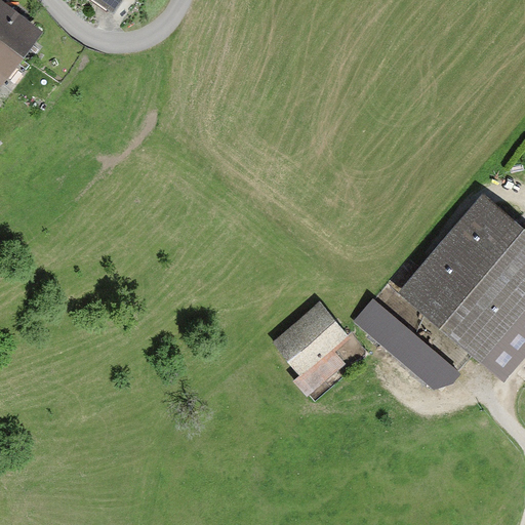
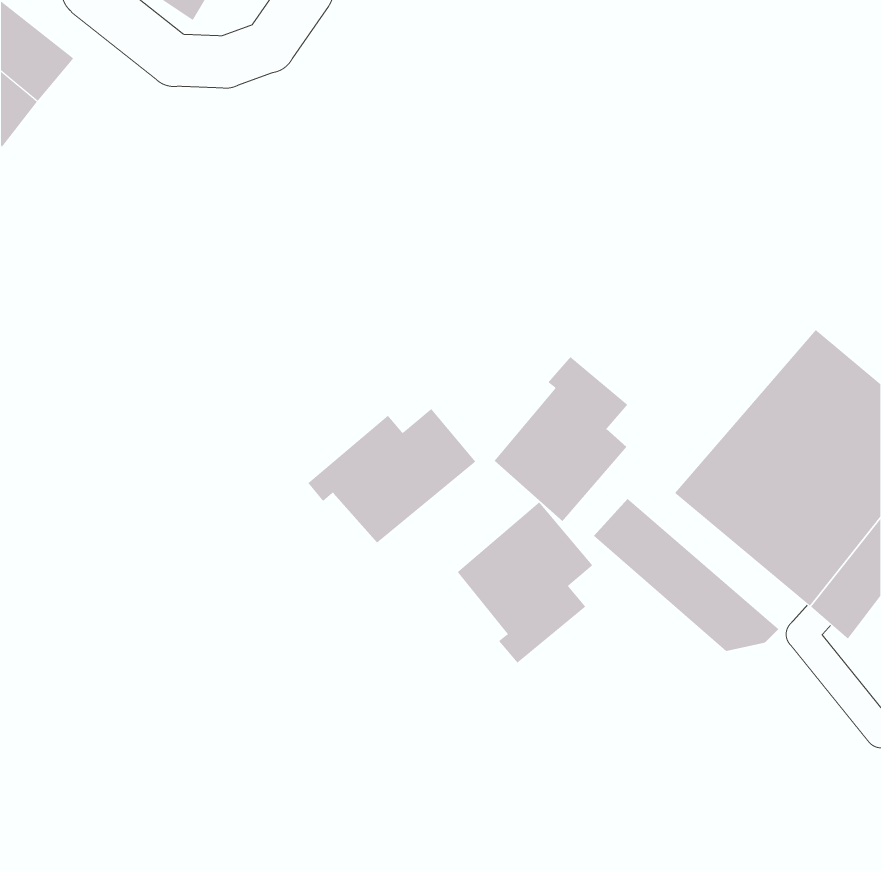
building: none -> [494,356,628,522]
building: none -> [307,408,476,543]

